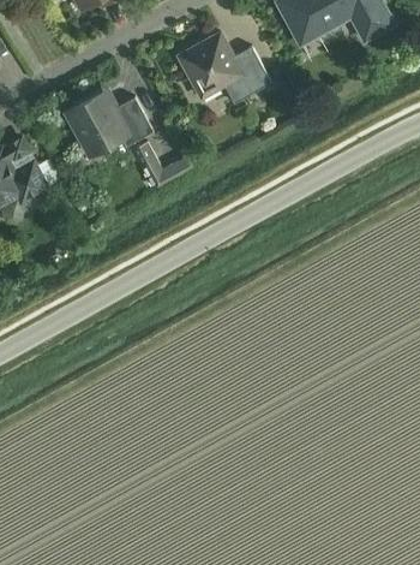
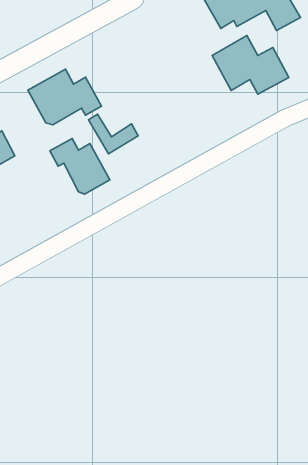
building: [178,31,270,102] -> [212,36,289,94]
building: none -> [50,138,110,194]

